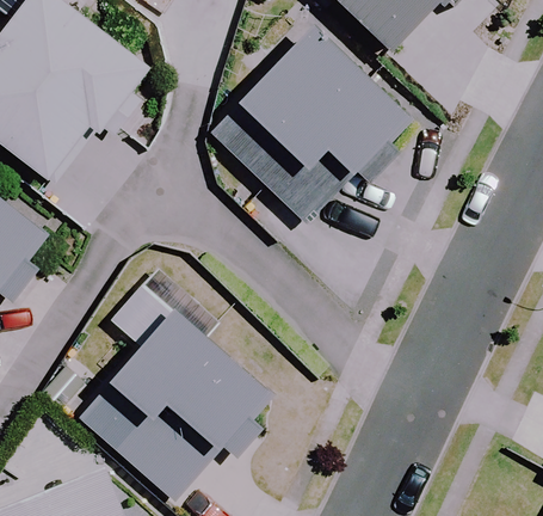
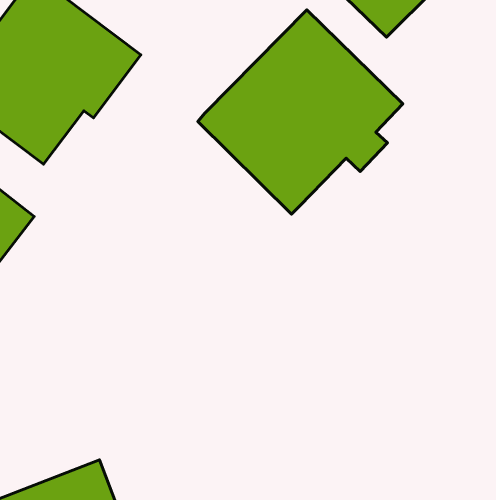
building: [78,307,271,500] -> none

